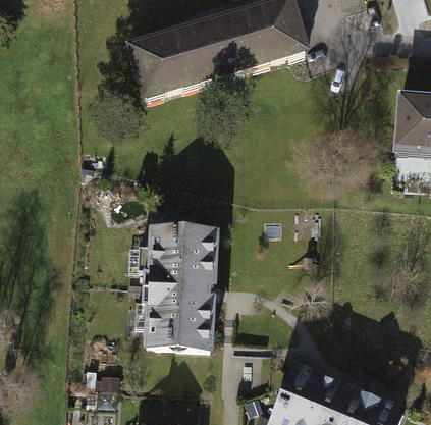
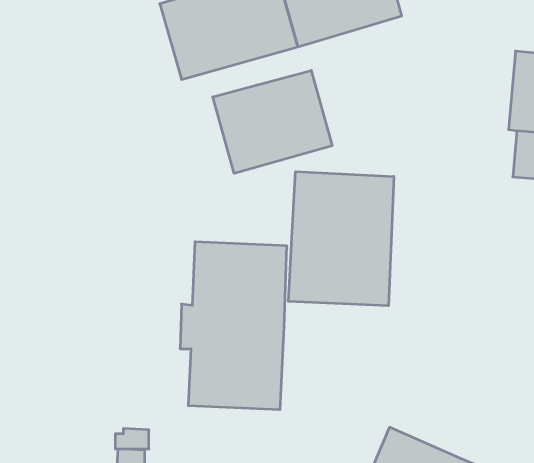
building: none -> [213,70,332,173]
building: none -> [288,172,394,306]

